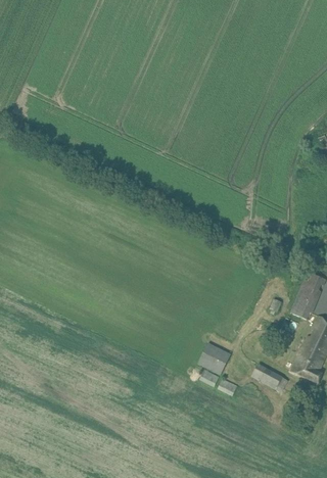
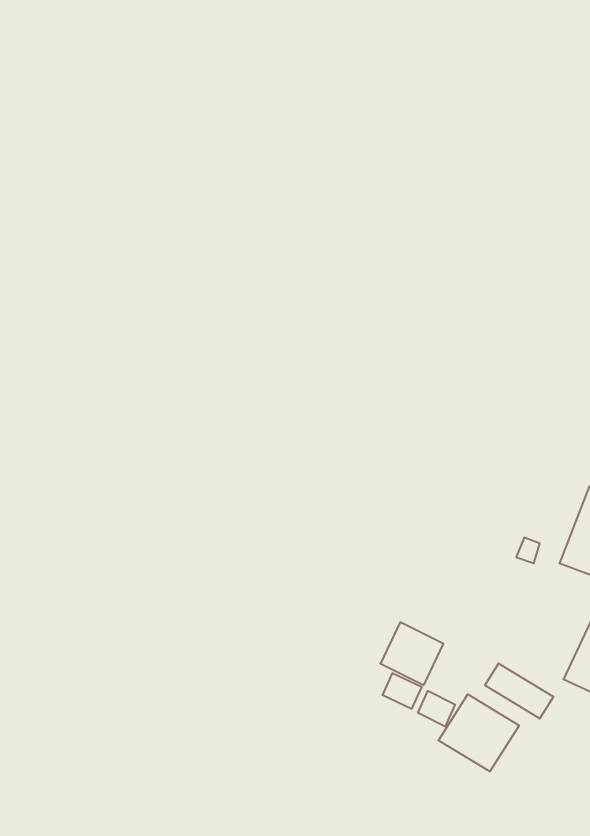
building: none -> [438,694,519,772]

